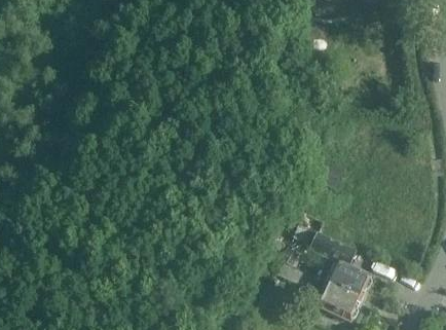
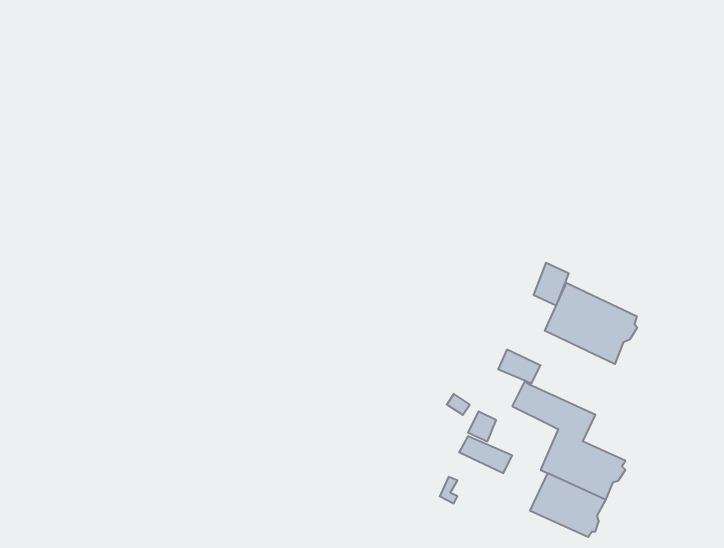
building: none -> [545,283,637,364]

